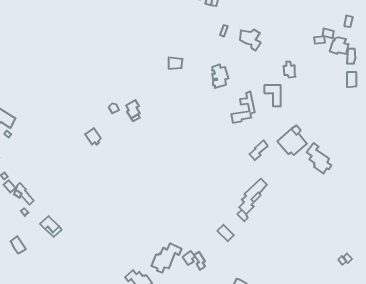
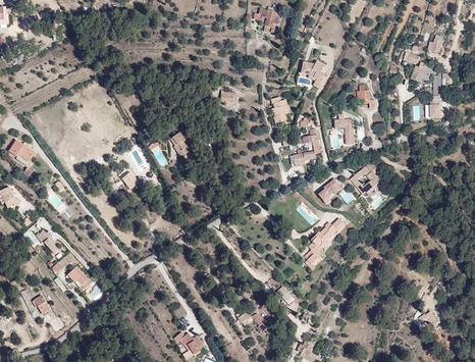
building: [307,143,331,174] -> none
building: [151,243,182,273] -> none

